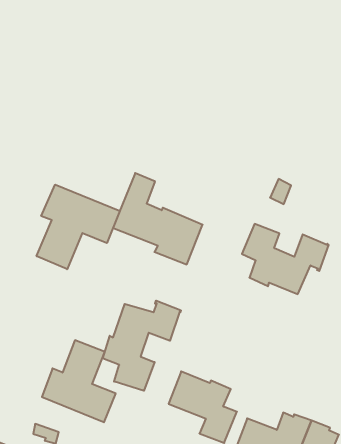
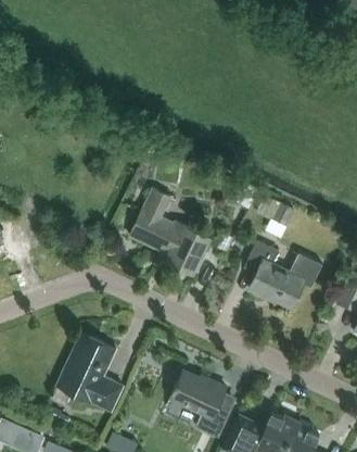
building: [37,185,120,269] -> none
building: [103,301,181,391] -> none

